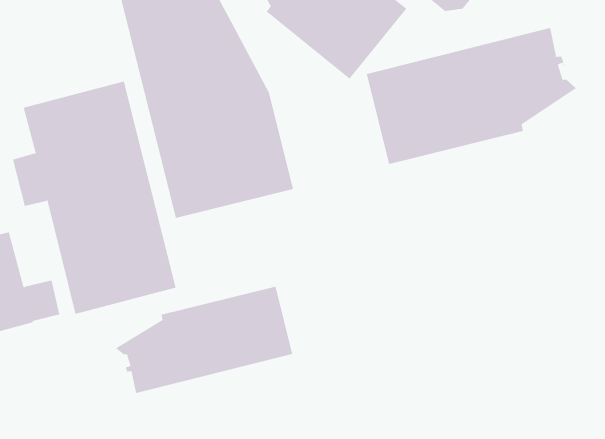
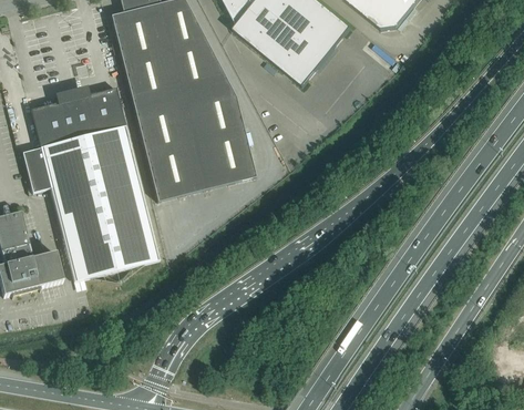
building: [366,27,577,165] -> none
building: [115,286,293,394] -> none

